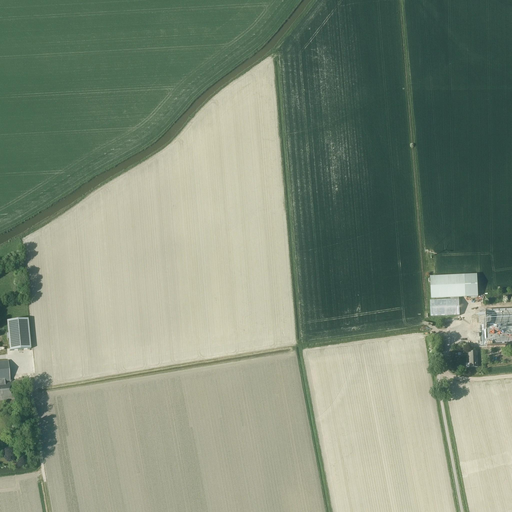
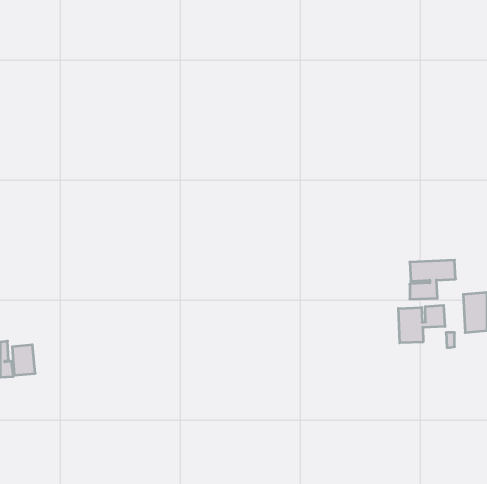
building: [7,316,31,348] -> [12,345,35,375]
building: none -> [398,305,445,343]

